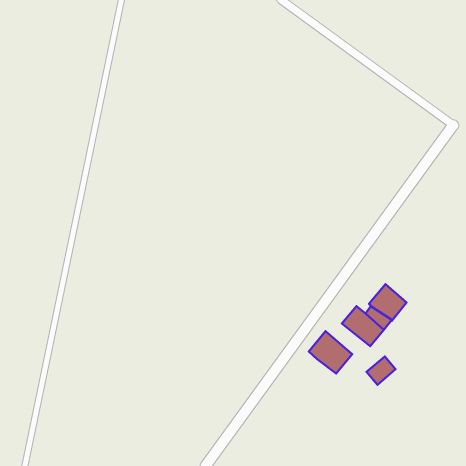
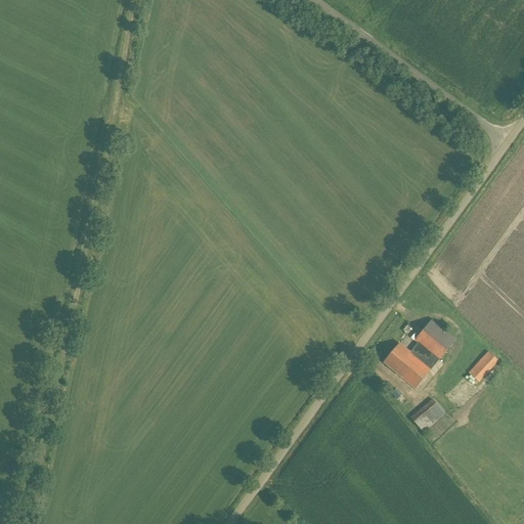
building: none -> [468,351,497,382]
building: [309,331,352,373] -> none

